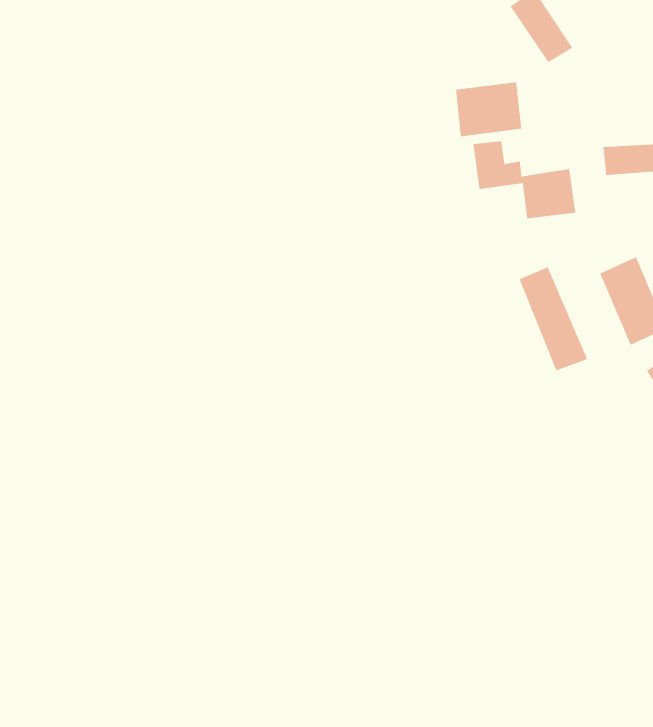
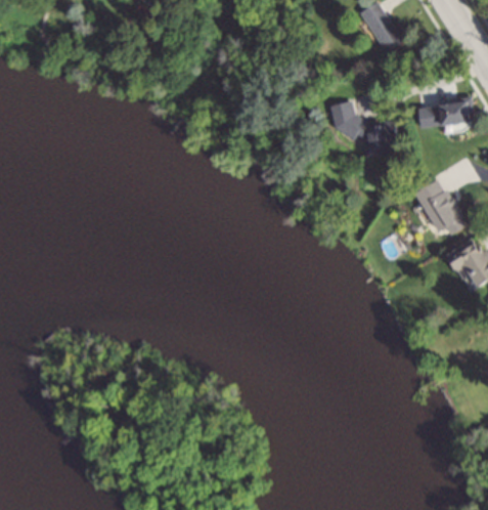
building: [455,81,522,137] -> none
building: [518,266,588,372] -> none

